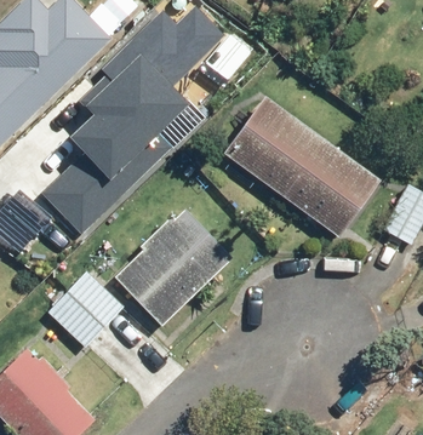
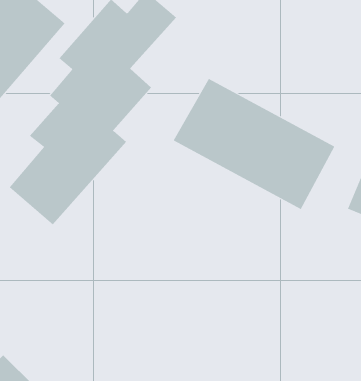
building: [108,211,224,324] -> none
building: [47,273,119,343] -> none

